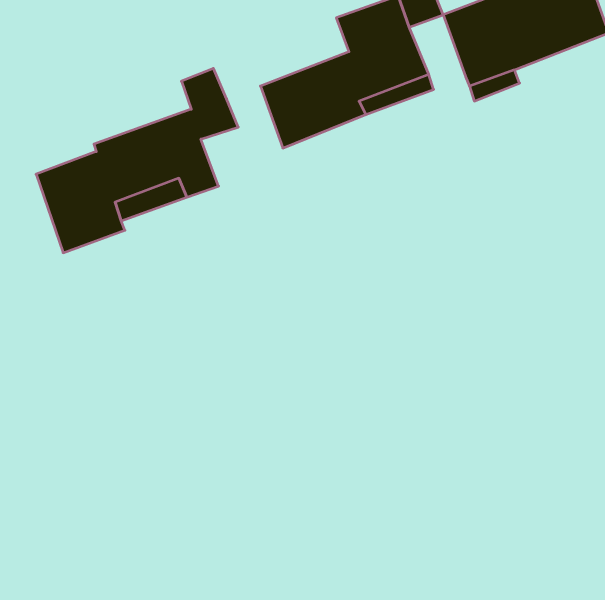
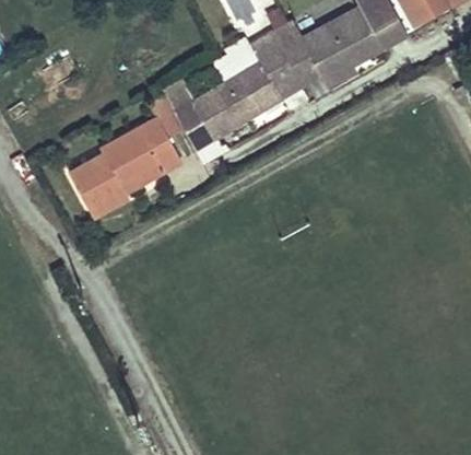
building: none -> [285,36,325,83]
building: none -> [179,97,219,144]

